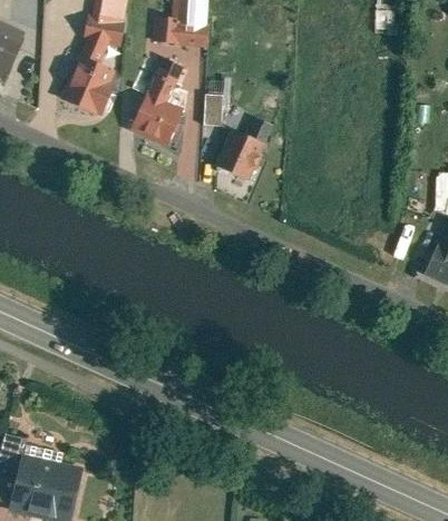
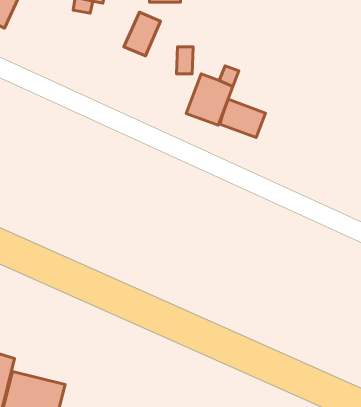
building: [64,52,119,116] -> none
building: [130,94,185,144] -> none
building: none -> [220,99,265,138]

